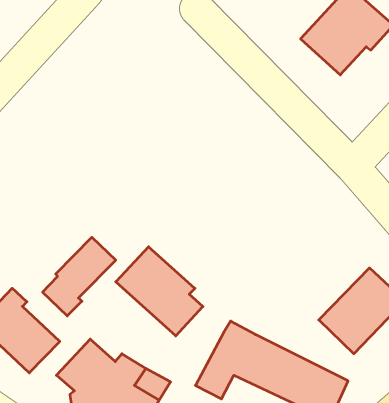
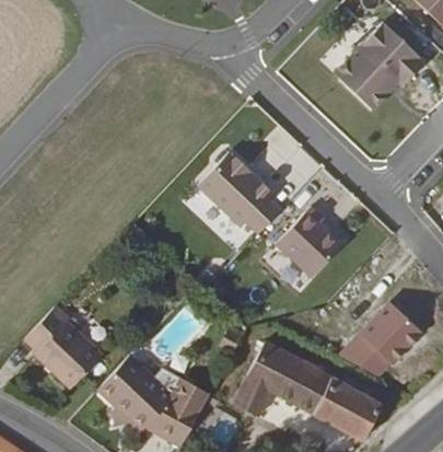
building: none -> [277,202,345,274]
building: [43,237,116,316] -> none
building: [116,247,203,336] -> [197,149,281,235]

